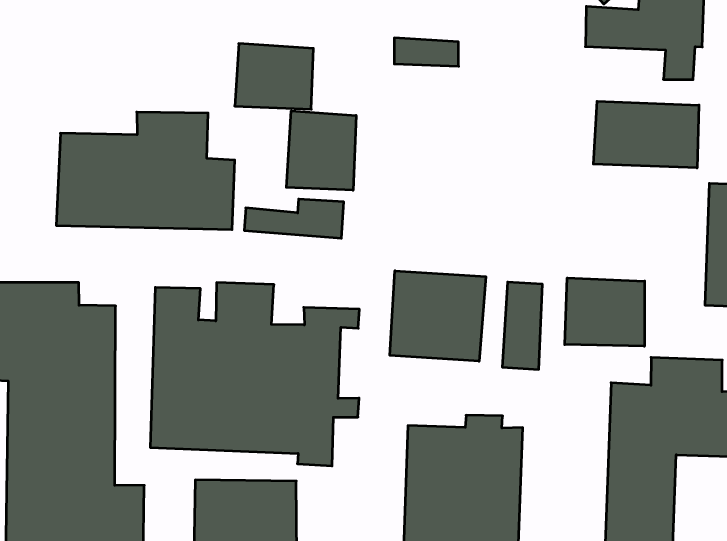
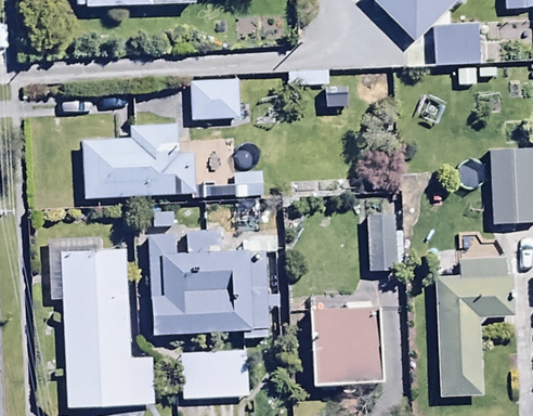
building: [593,101,699,168] -> none
building: [286,111,356,190] -> none
building: [390,271,486,361] -> none
building: [565,278,645,346] -> none

